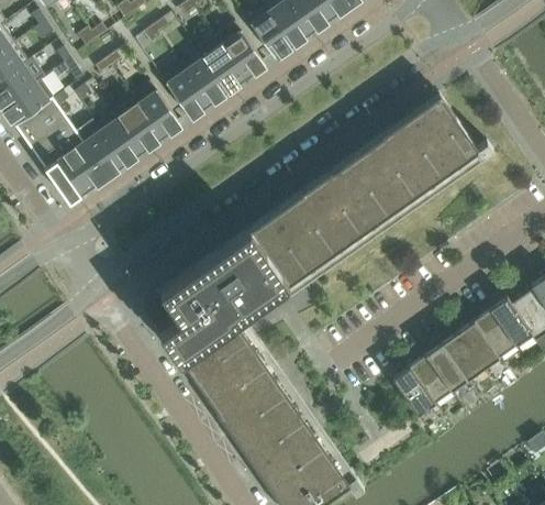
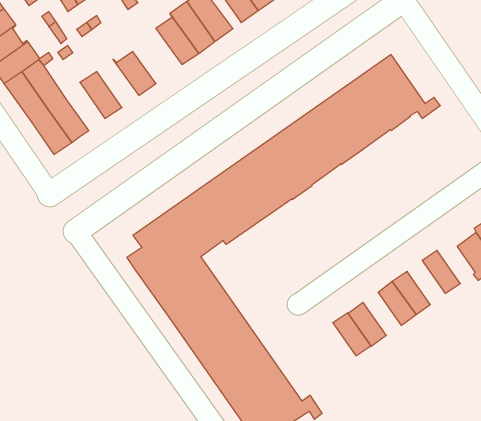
building: [164,67,211,121] -> none
building: [118,101,164,154] -> none
building: [84,127,126,179] -> none
building: [491,299,533,348] -> none
building: [458,322,500,371] -> none
building: [410,358,452,405] -> [333,313,371,356]

